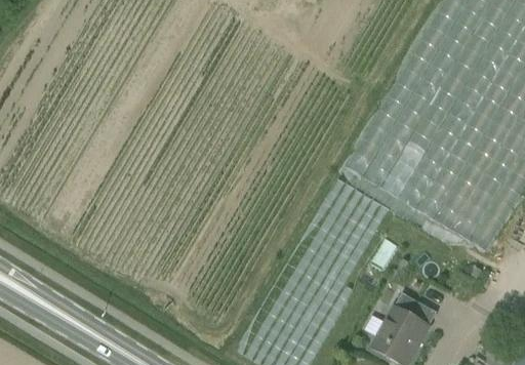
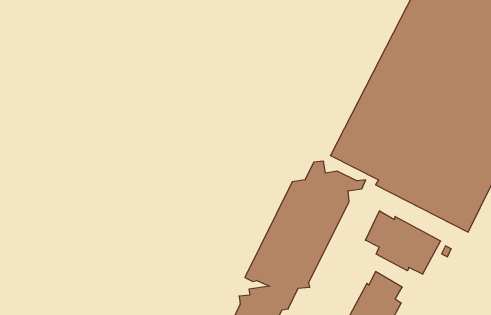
building: none -> [365,211,441,274]

